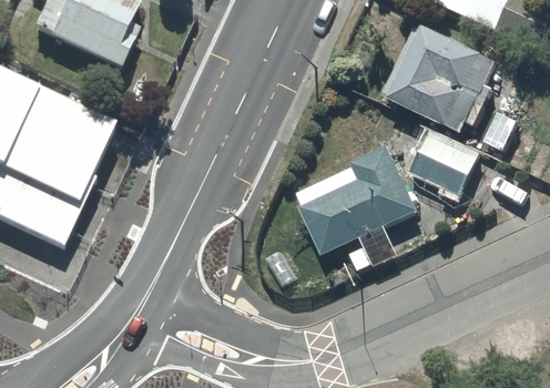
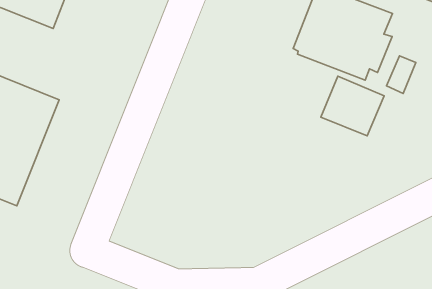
building: [295,145,418,269] -> none

